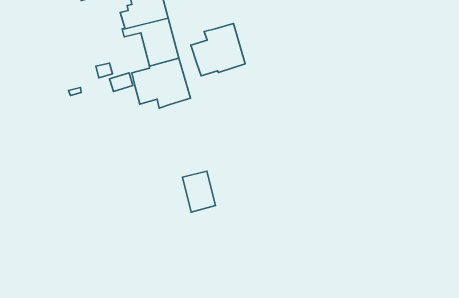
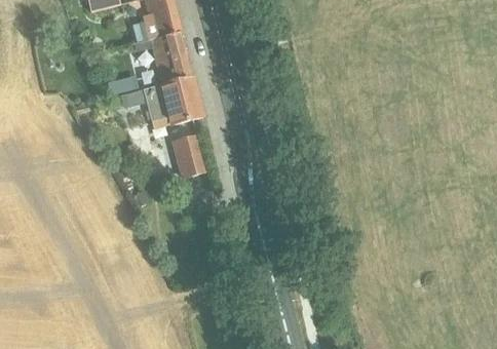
building: [191,24,245,76] -> none
building: [182,171,215,212] -> [174,134,208,178]

